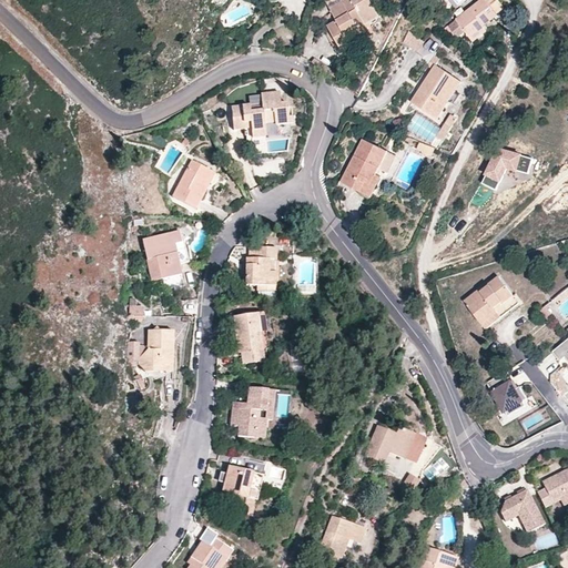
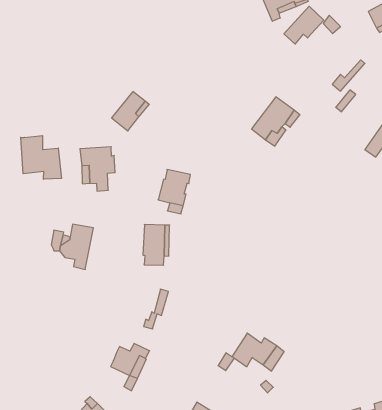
building: [412,62,456,110] -> [284,6,324,44]
building: [231,91,288,130] -> none
building: none -> [21,136,61,179]
building: [464,273,513,326] -> none
building: [484,368,525,413] -> none
building: [230,386,265,436] -> none

